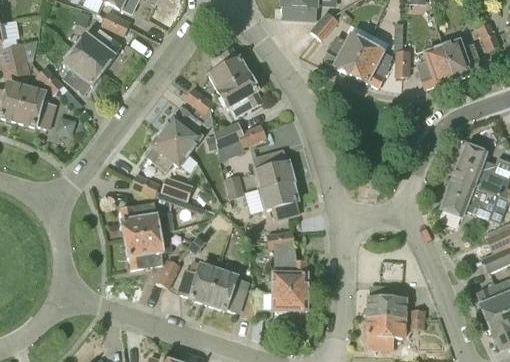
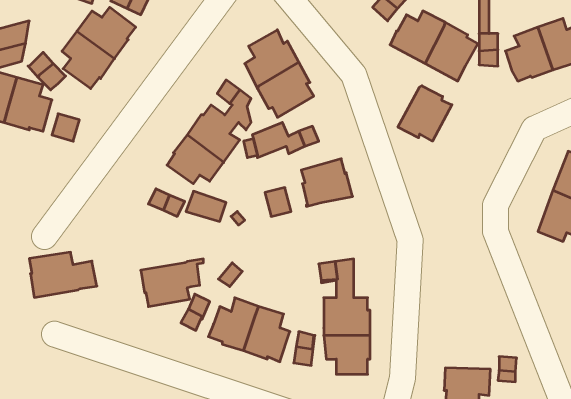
building: none -> [398,86,452,141]
building: [256,181,298,219] -> none
building: [120,204,174,240] -> [29,252,97,297]
building: [367,286,404,319] -> none

